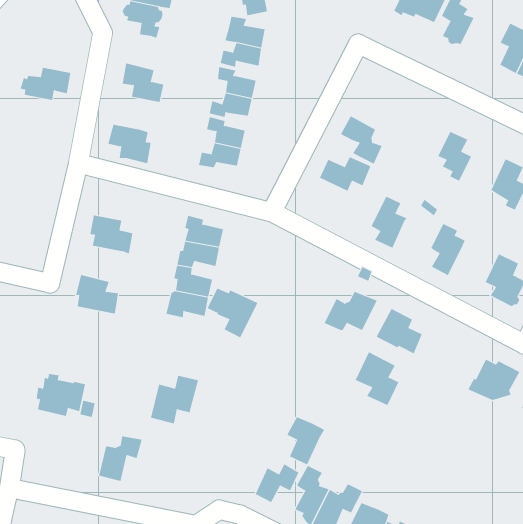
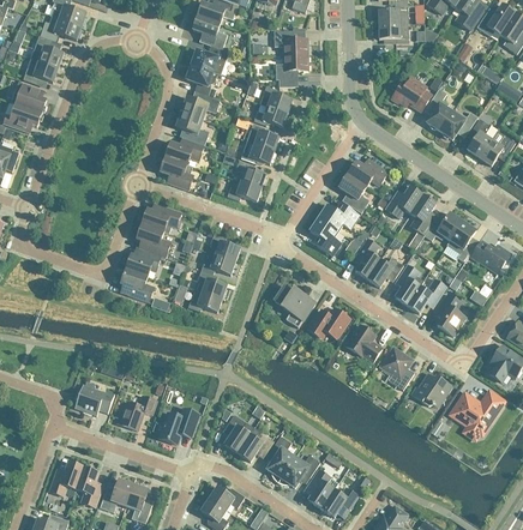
building: none -> [439,112,477,139]
building: none -> [181,94,220,120]
building: [20,67,71,100] -> [163,138,204,164]
building: none -> [348,158,387,187]
building: none -> [385,187,422,218]
building: none -> [425,213,462,241]
building: none -> [309,218,341,257]
building: none -> [142,203,181,231]
building: none -> [367,257,403,288]
building: none -> [407,278,446,313]
building: none -> [126,247,161,277]
building: [207,288,258,338] -> [275,287,314,327]
building: [355,352,399,406] -> [380,347,414,390]
building: [36,373,86,417] -> [74,381,114,416]
building: [150,375,199,424] -> [158,408,199,445]
building: [286,416,325,465] -> [224,415,254,453]

